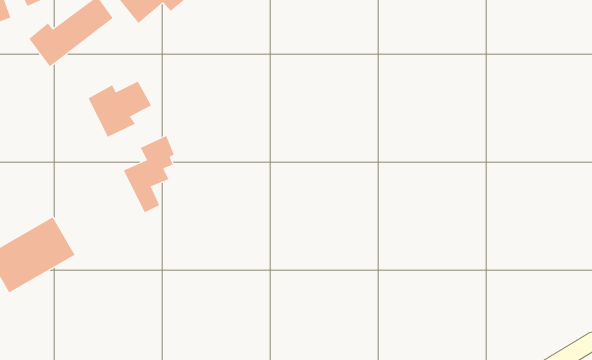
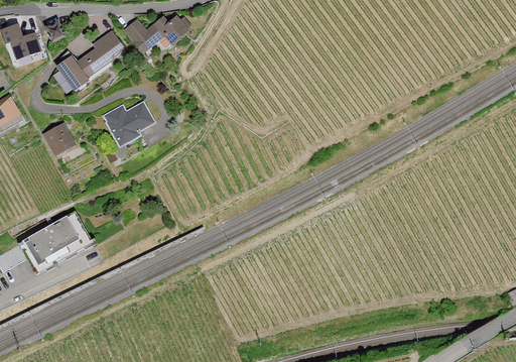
building: none -> [42,121,77,156]
building: [123,135,174,213] -> none

